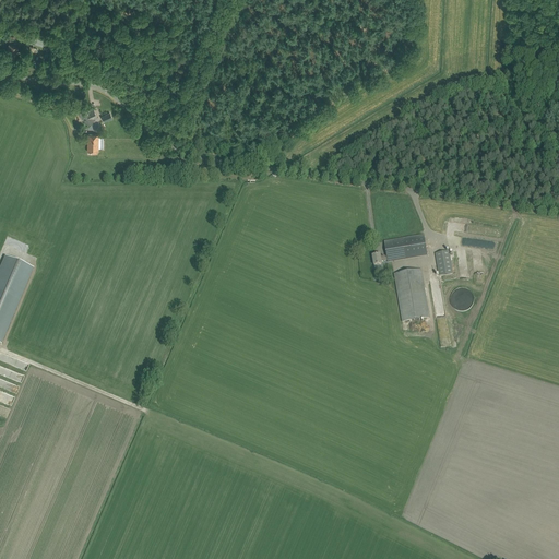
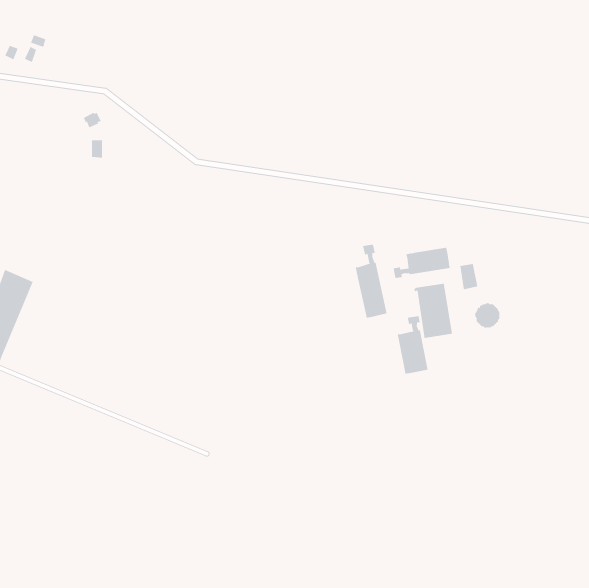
building: none -> [355,244,387,319]
building: none -> [397,315,428,374]

